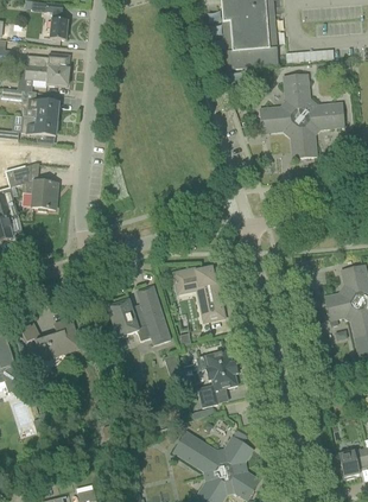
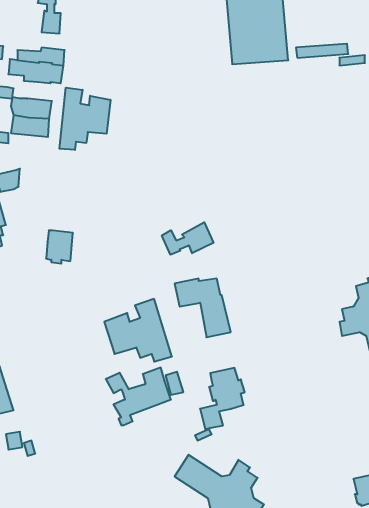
building: [259,74,344,158] -> none
building: none -> [59,88,110,150]
building: [32,180,57,211] -> [46,230,73,264]
building: none -> [162,222,213,255]
building: [19,318,80,371] -> [106,368,171,425]

